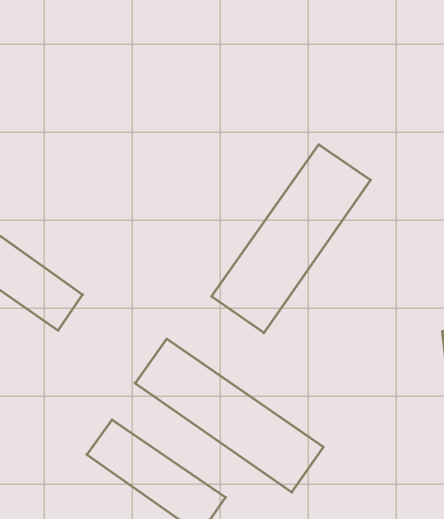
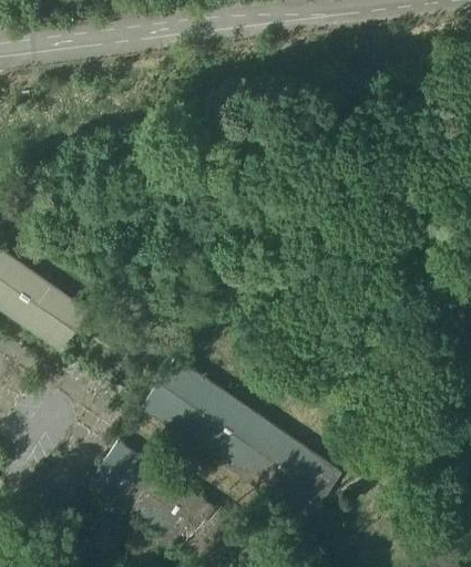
building: [212,145,371,333] -> none

